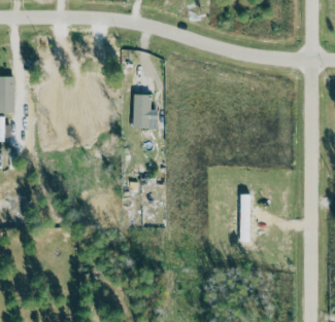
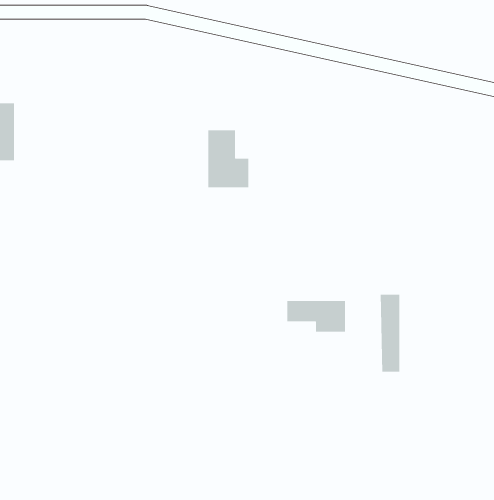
building: none -> [286,300,346,332]

